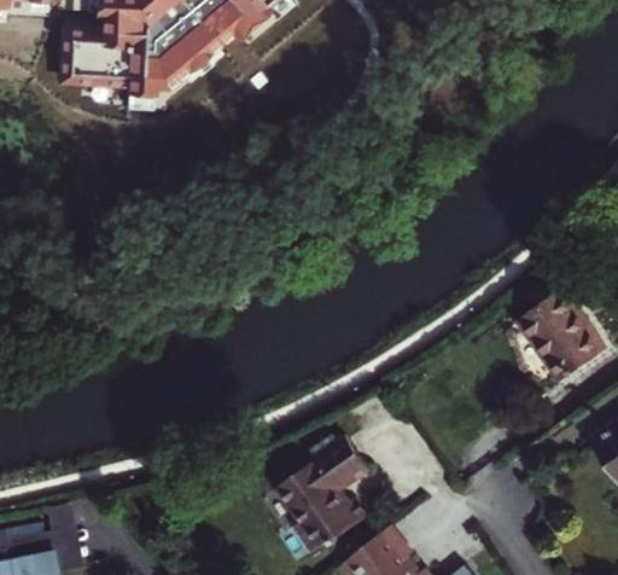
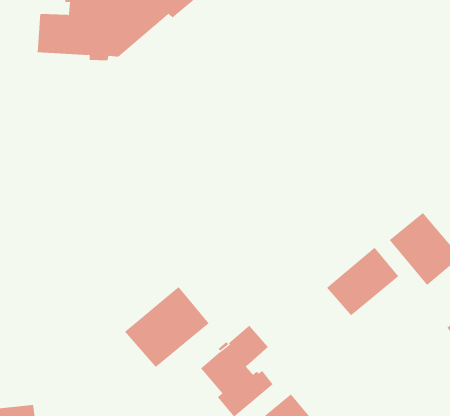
building: none -> [326,247,399,316]
building: none -> [124,286,210,368]

